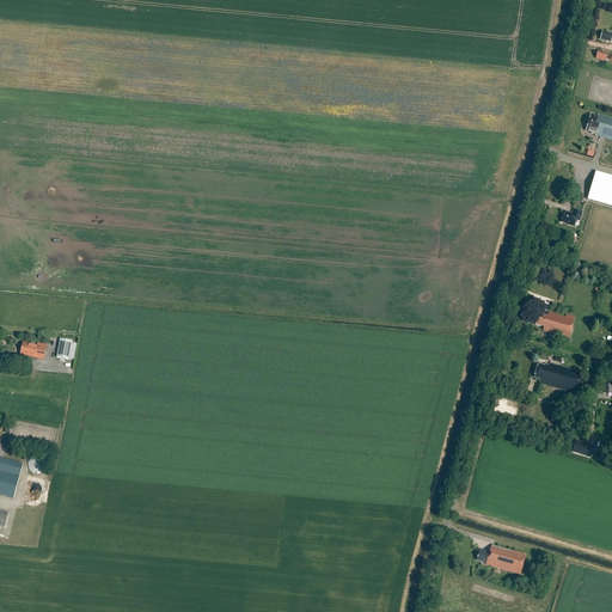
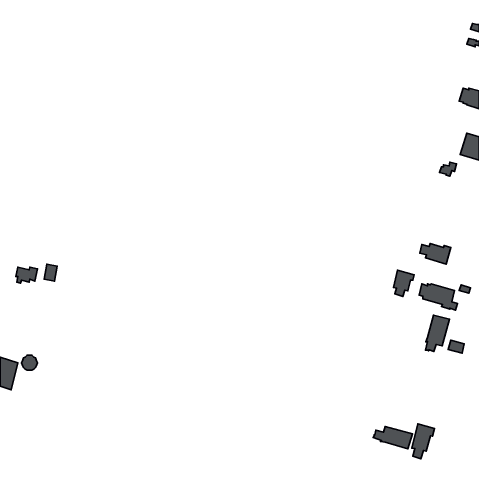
building: none -> [394,270,414,296]
building: none -> [425,315,450,352]
building: none -> [412,424,435,459]

